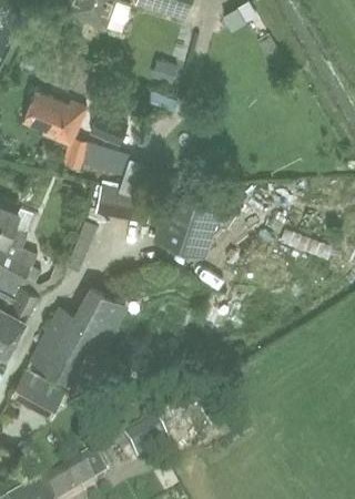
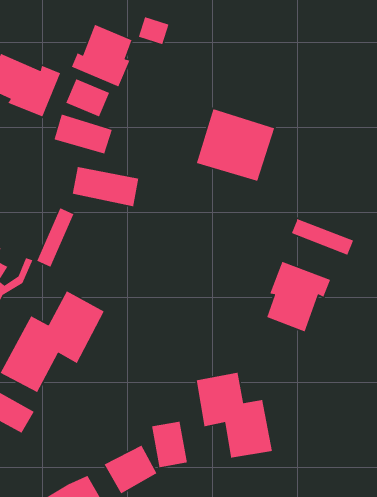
building: none -> [71,24,133,87]
building: [153,194,220,256] -> [196,108,275,182]
building: none -> [266,261,331,333]
building: none -> [196,372,273,459]

